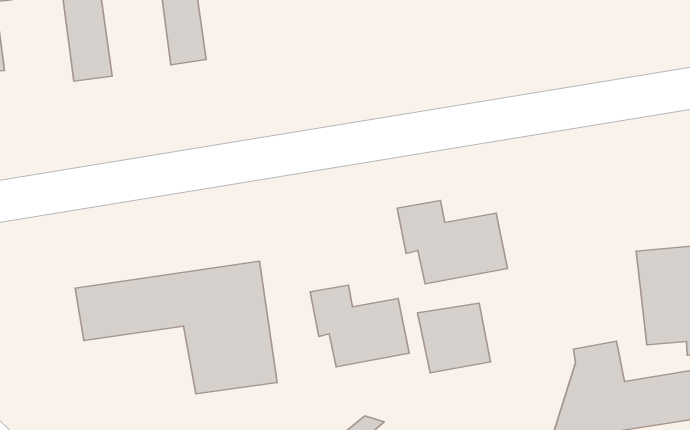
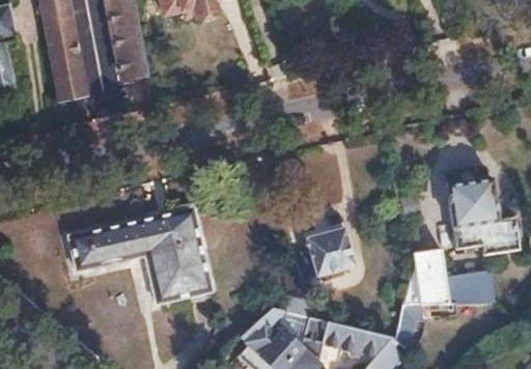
building: [397,200,507,284] -> none
building: [310,285,409,367] -> none

